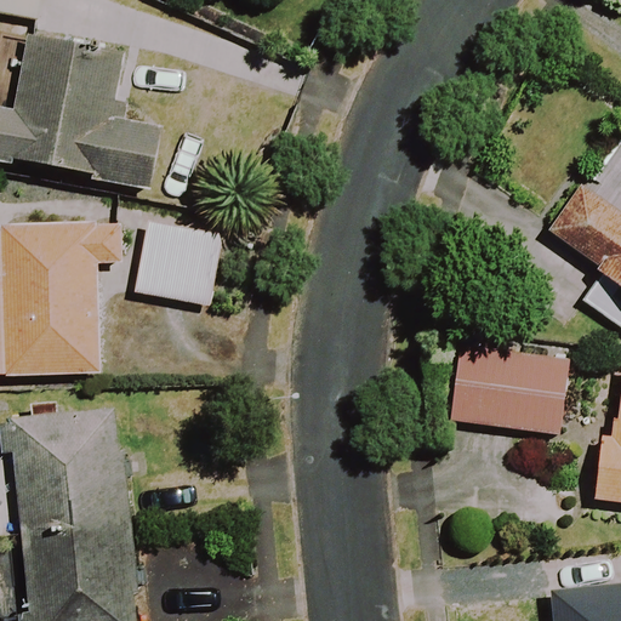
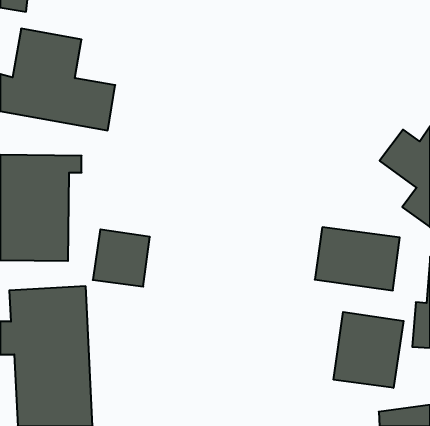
building: [136,222,218,304] -> [93,229,150,287]
building: none -> [334,312,404,388]

